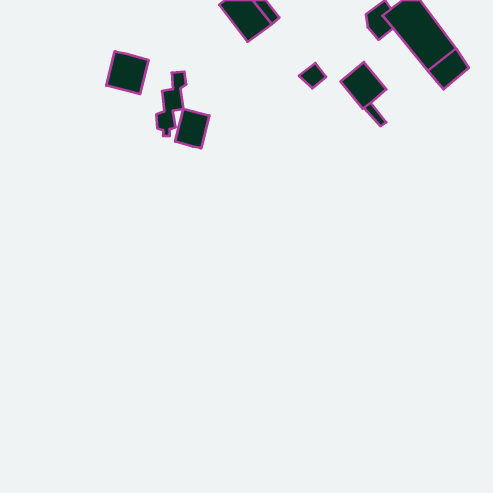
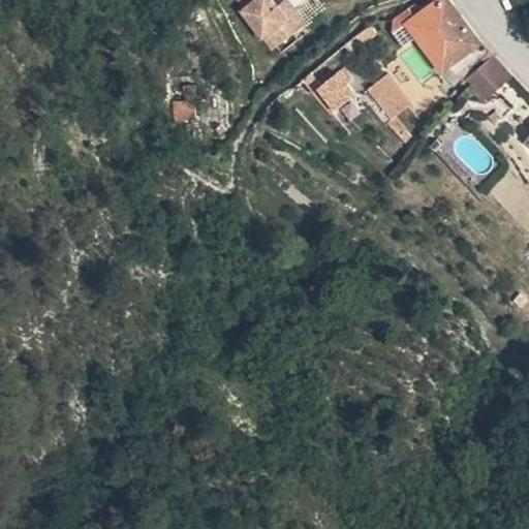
building: [106,51,148,94] -> none
building: [175,109,209,148] -> none

